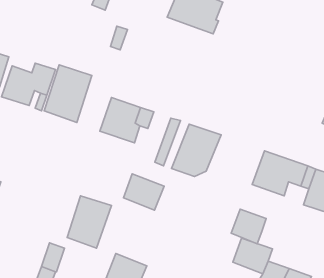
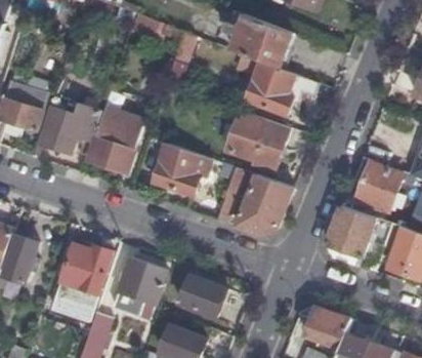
building: none -> [244,61,316,116]
building: none -> [225,110,289,171]
building: none -> [357,162,402,210]
building: [123,174,164,210] -> [179,275,226,317]
building: none -> [55,244,111,306]
building: [231,209,266,244] -> none

